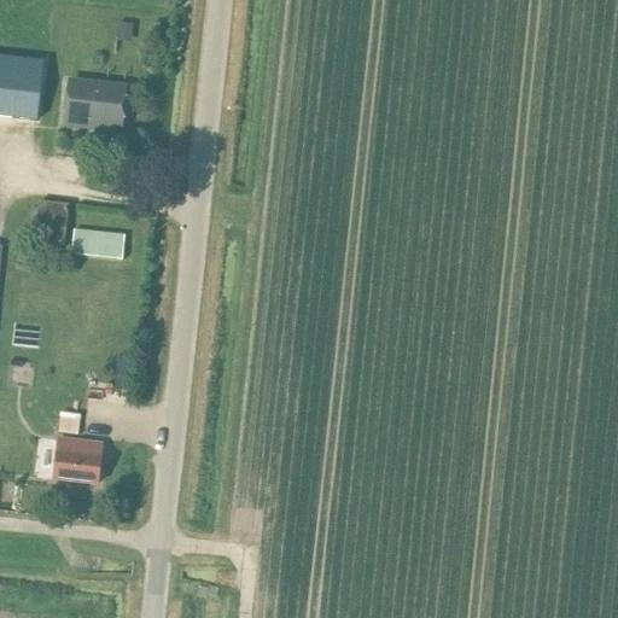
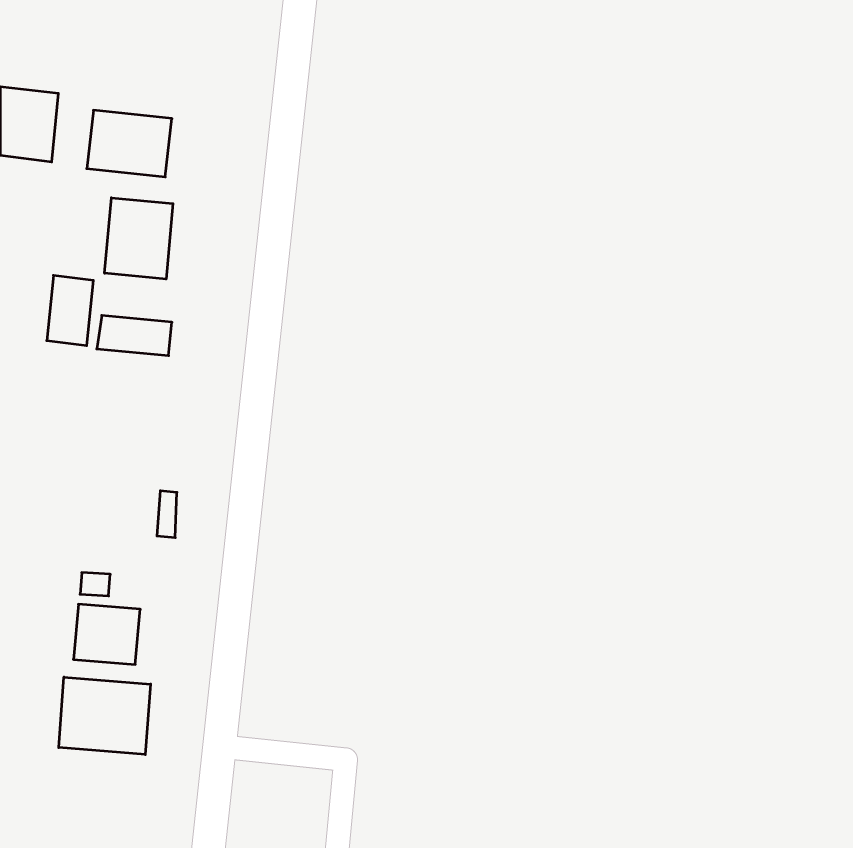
building: none -> [105,198,173,279]
building: none -> [59,677,151,755]

